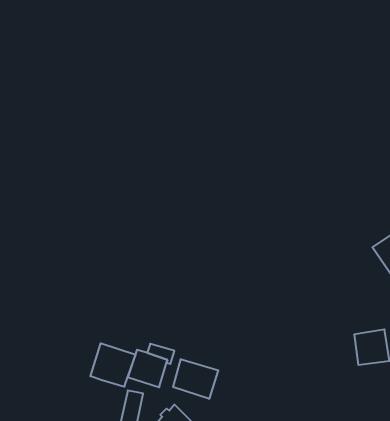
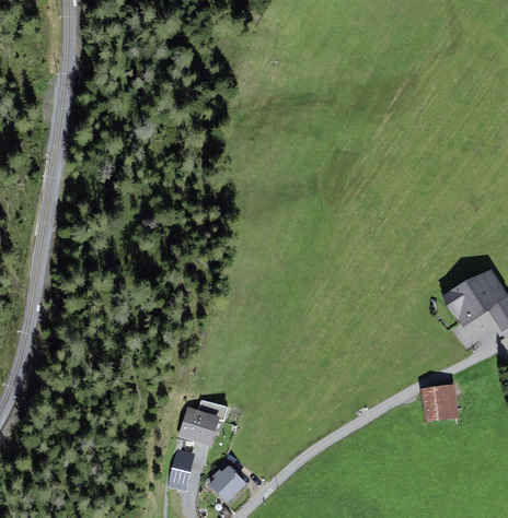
building: [90,343,135,387] -> none
building: [173,359,218,399] -> none

